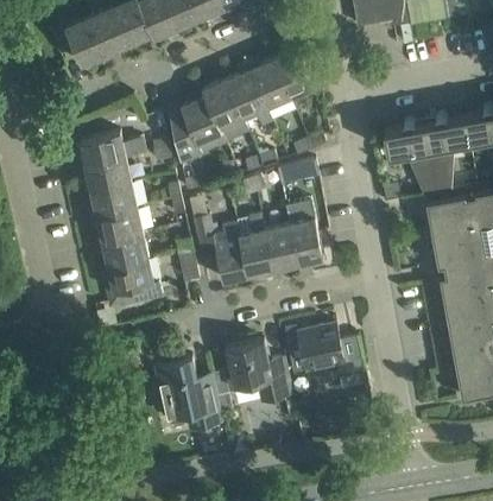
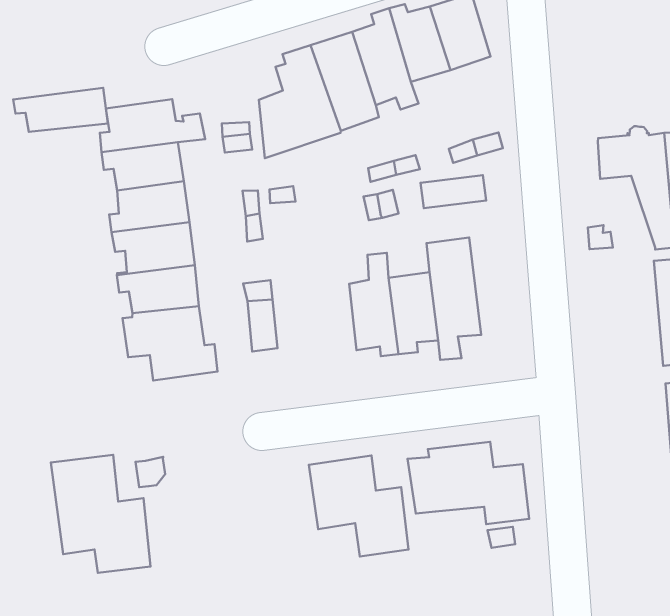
building: none -> [13,88,108,132]
building: [192,215,247,281] -> none
building: [153,356,221,430] -> [51,455,151,573]

